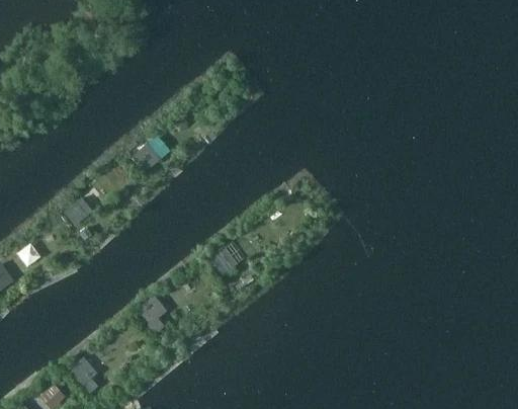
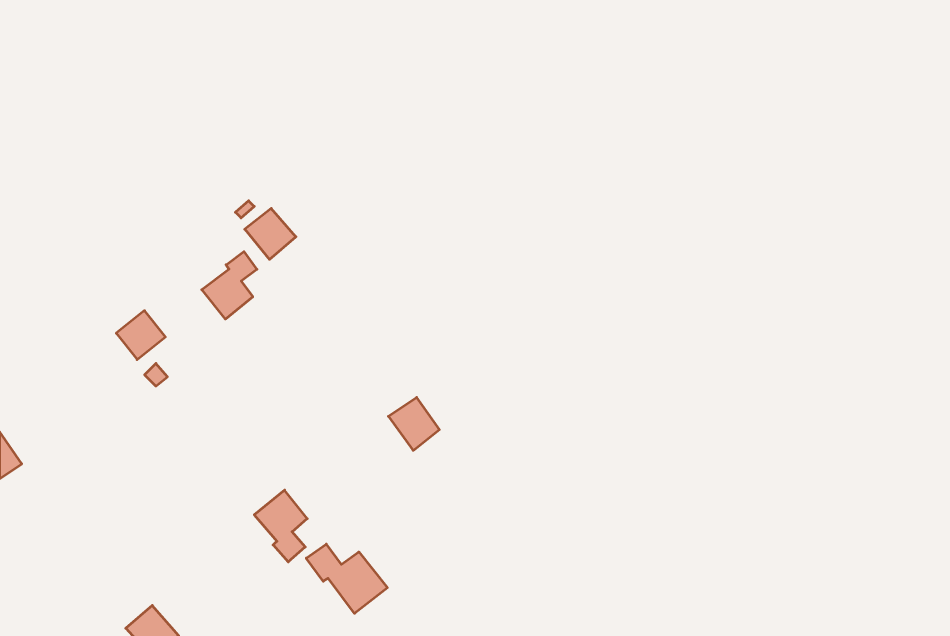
building: none -> [202,252,257,319]
building: none -> [306,544,387,613]

